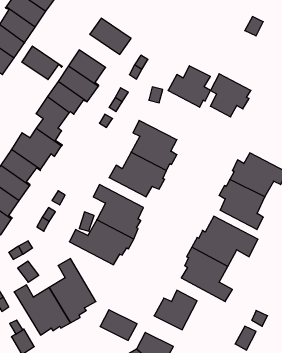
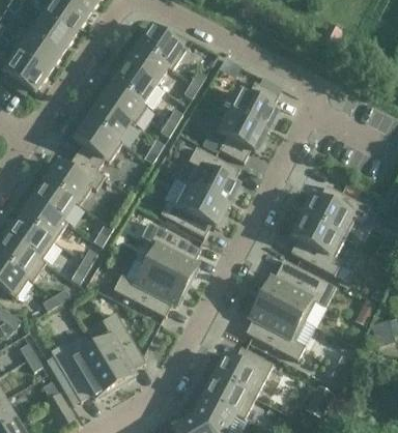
building: [22,46,62,80] -> [124,46,172,85]
building: [210,74,251,117] -> [219,112,266,163]
building: [100,310,137,340] -> [202,377,246,413]

